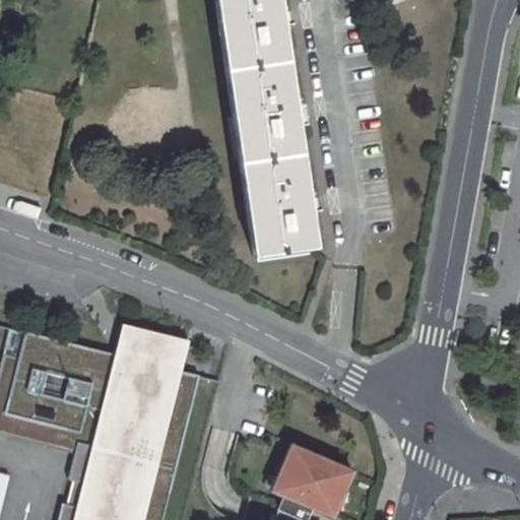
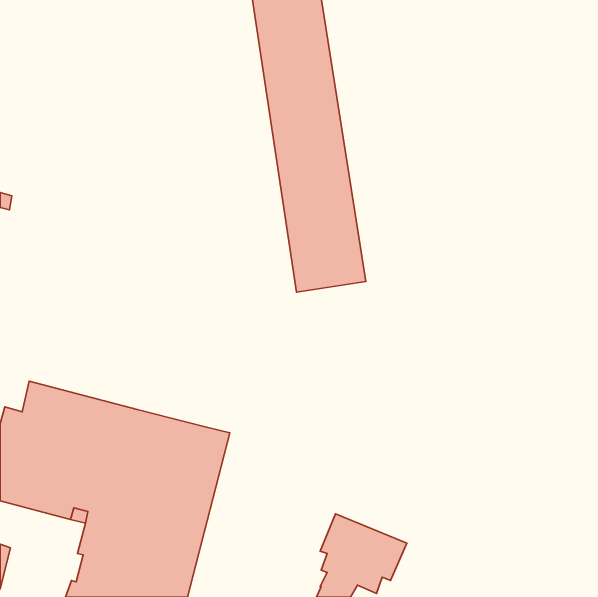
building: [120,324,186,370] -> none

